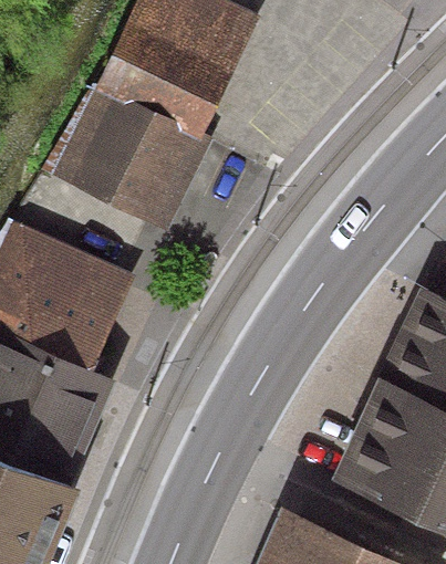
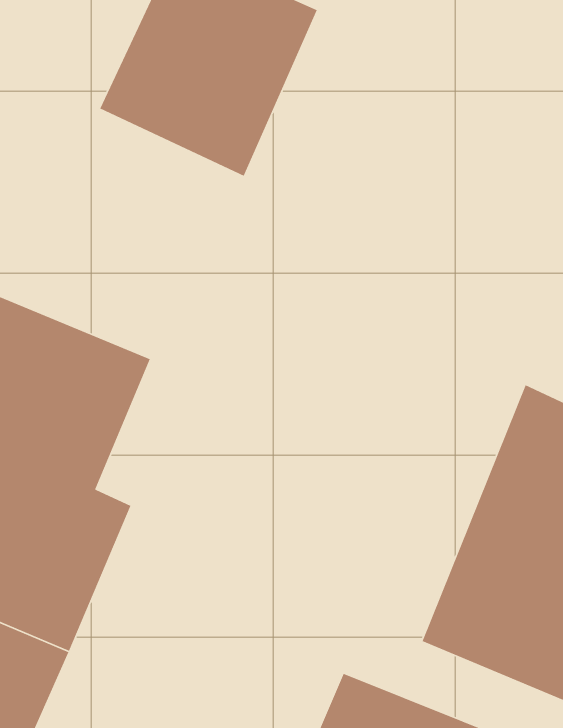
building: [53,87,204,229] -> none

